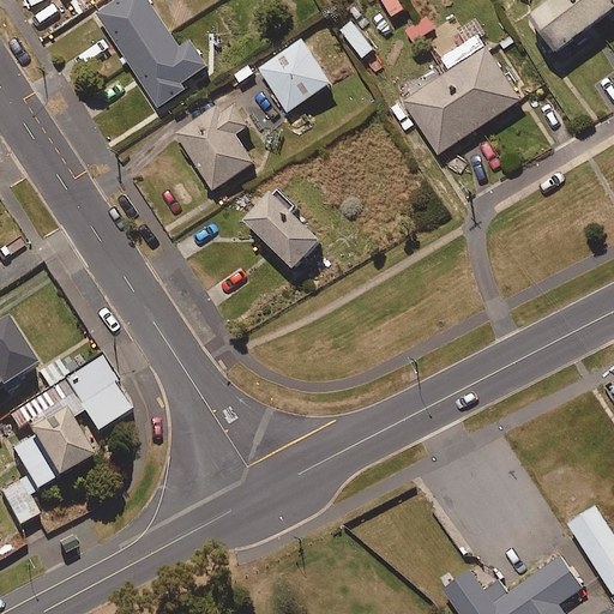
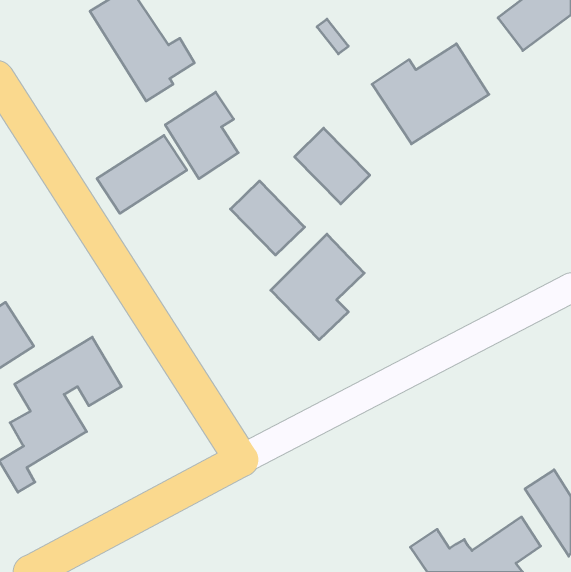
building: [258,40,331,113] -> none
building: none -> [295,128,370,204]
building: none -> [97,135,187,213]
building: none -> [271,234,364,340]

